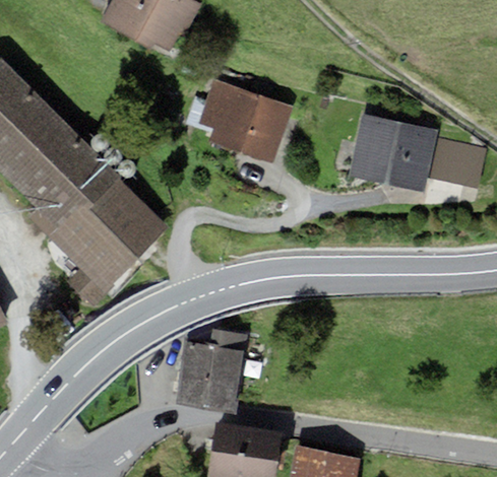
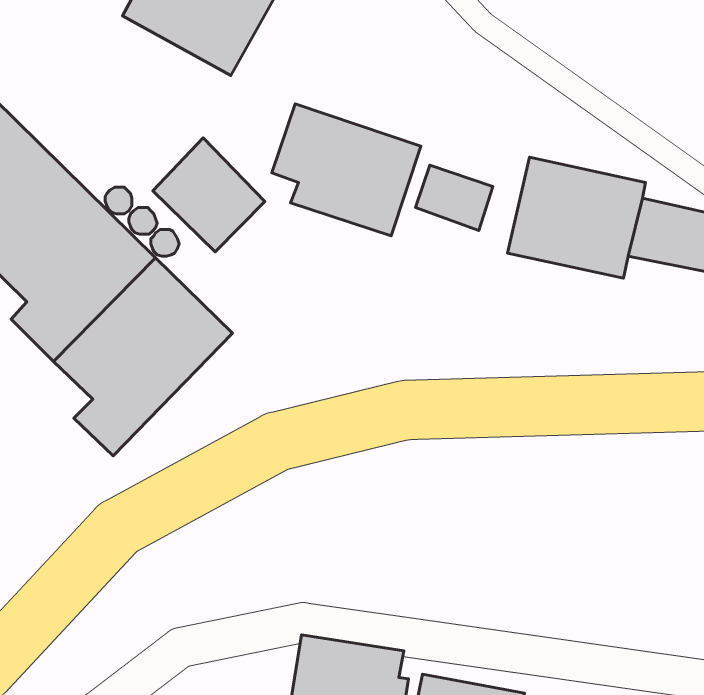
building: none -> [153,138,265,252]
building: none -> [416,165,493,230]
building: [177,330,245,409] -> none

